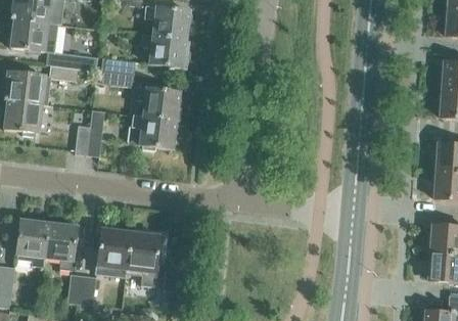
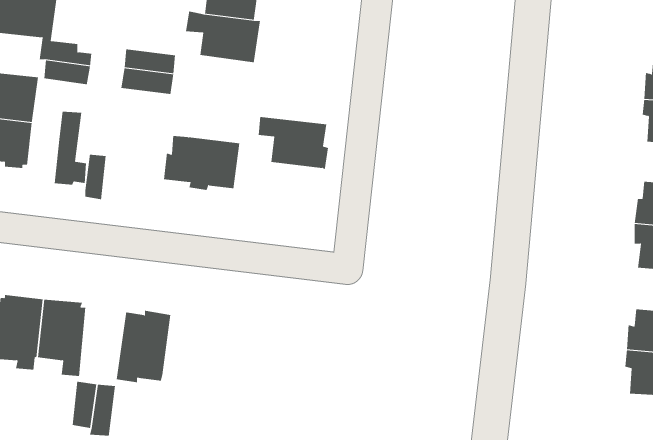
building: [135,85,181,120] -> [258,116,329,170]
building: [87,108,108,156] -> [54,111,87,185]
building: [126,230,161,286] -> none

